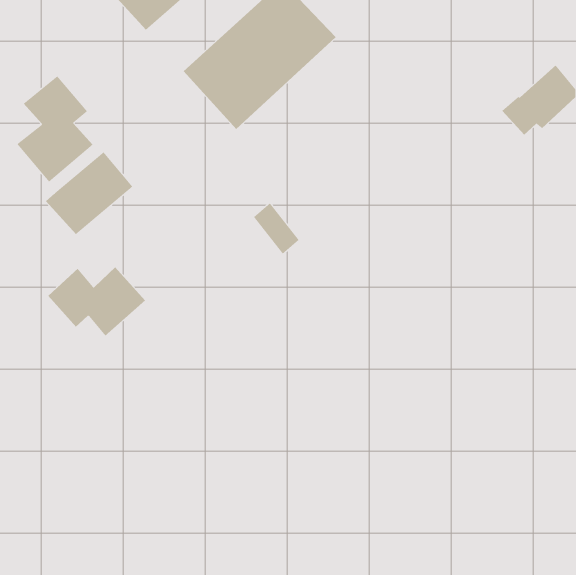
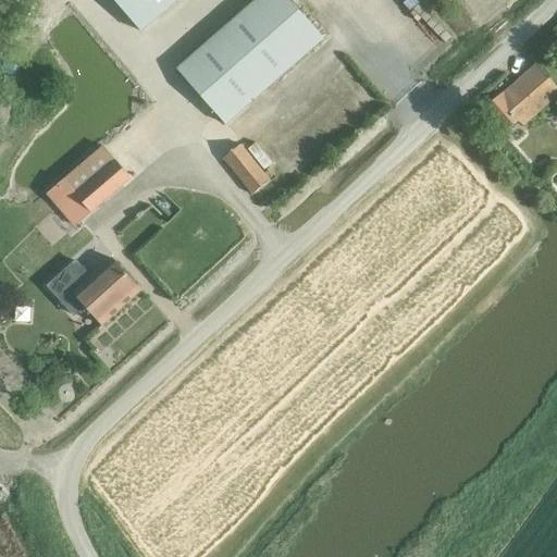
building: [17,76,94,183] -> none
building: [253,202,300,254] -> [224,143,269,193]

